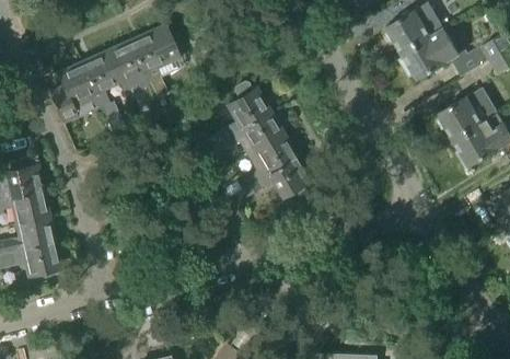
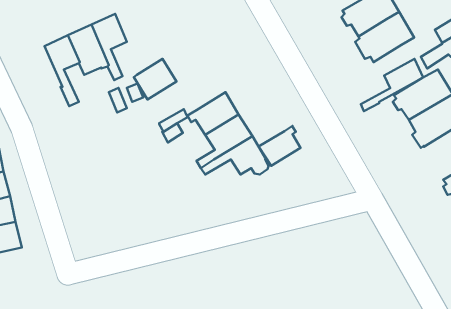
building: [49,62,101,121] -> none
building: none -> [361,59,423,111]
building: [223,86,267,128] -> [134,59,177,100]
building: none -> [259,126,300,166]

